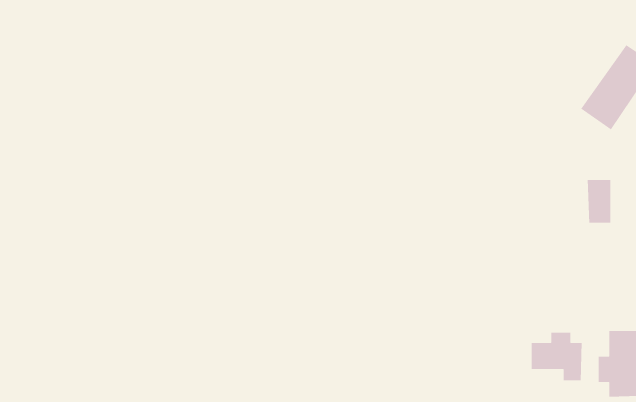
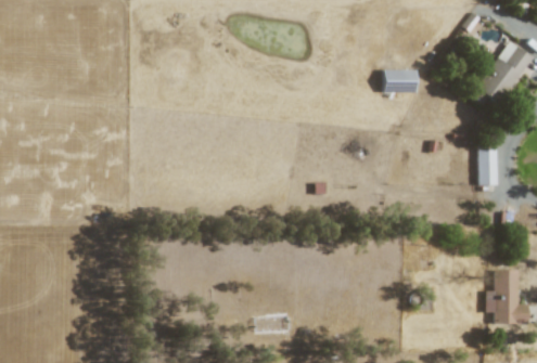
building: none -> [385,69,417,92]
building: [531,332,583,381] -> none

